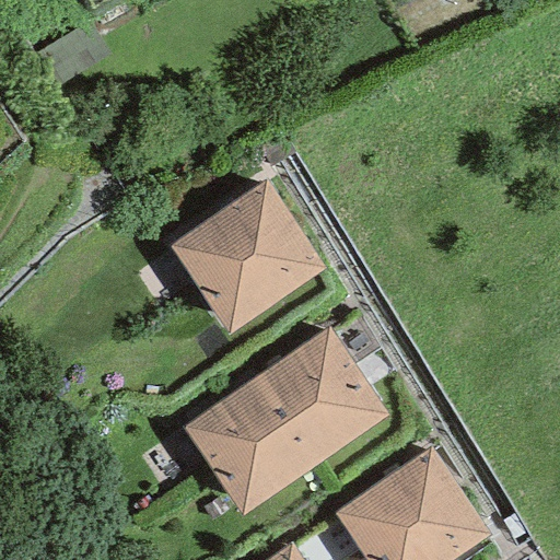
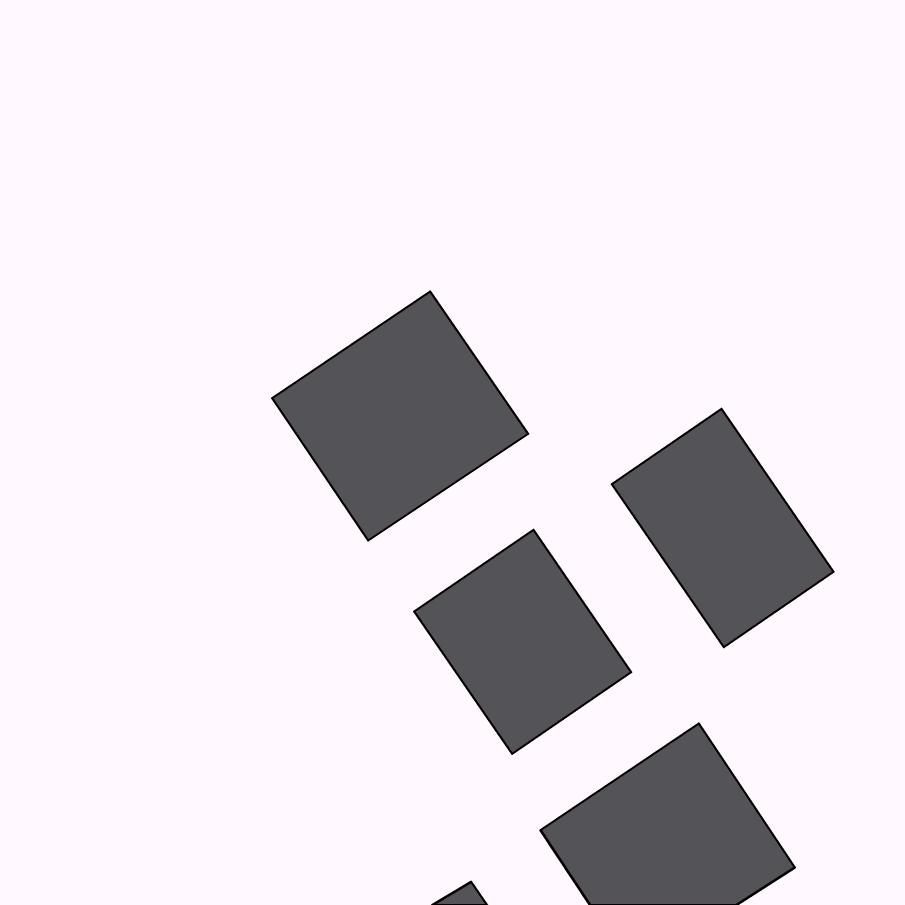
building: none -> [612,409,833,647]
building: [184,376,317,514] -> none

